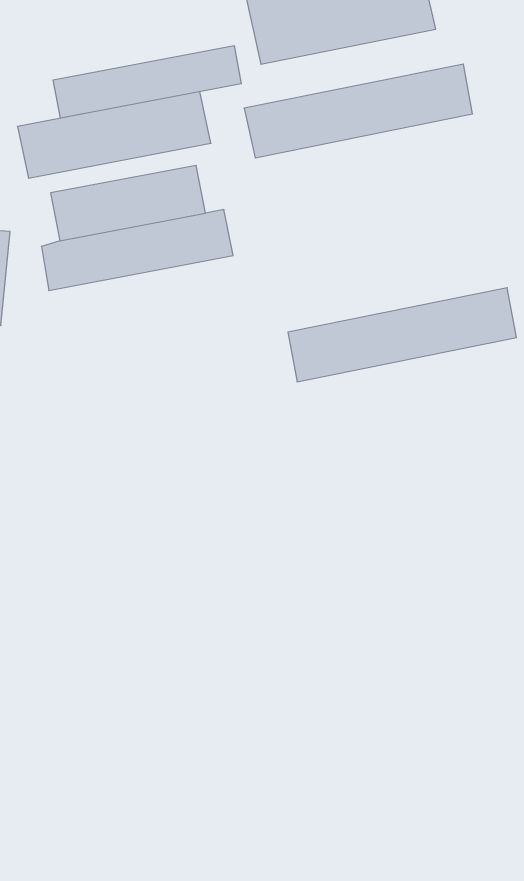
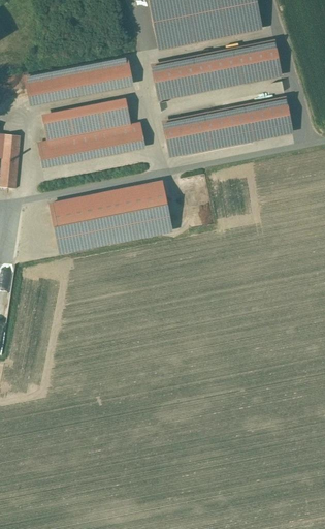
building: [53,46,241,118] -> none
building: [288,288,516,382] -> [163,99,291,152]
building: none -> [50,182,172,255]

